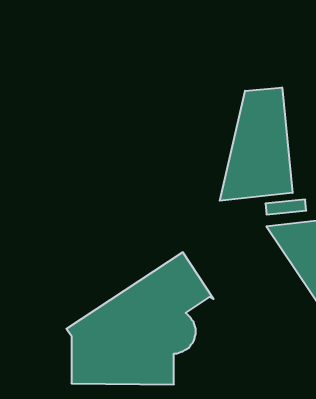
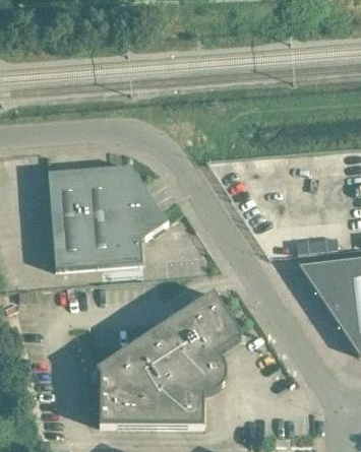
building: [220,87,293,201] -> none
building: none -> [48,165,167,268]

